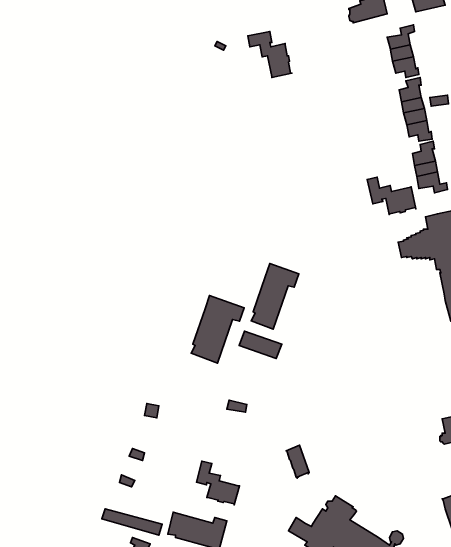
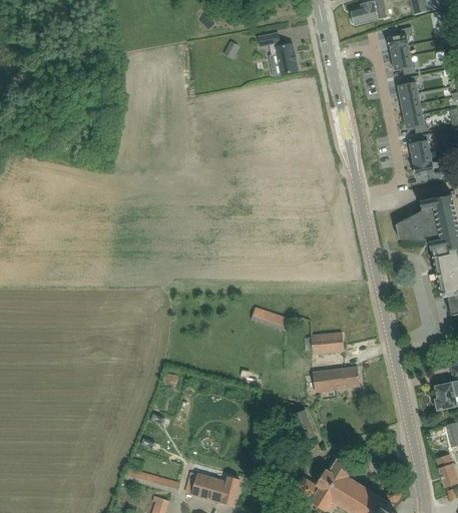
building: [367,177,416,214] -> none
building: [251,264,299,329] -> none
building: [191,296,244,363] -> none
building: none -> [304,332,344,354]
building: none -> [313,367,360,391]
building: [196,461,239,505] -> none

